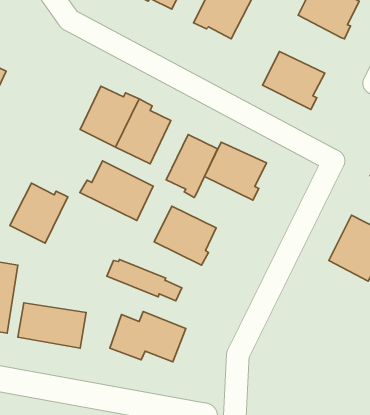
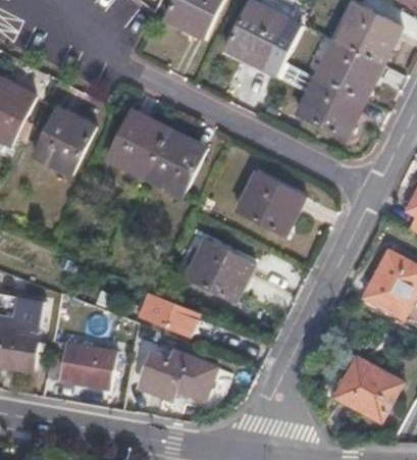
building: none -> [314,42,378,104]
building: [166,135,217,197] -> none
building: [80,161,153,220] -> none
building: [10,183,68,243] -> [34,111,94,173]
building: none -> [335,355,403,419]

